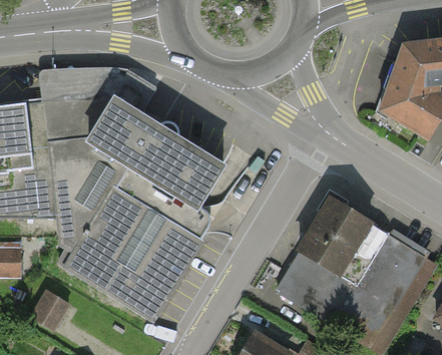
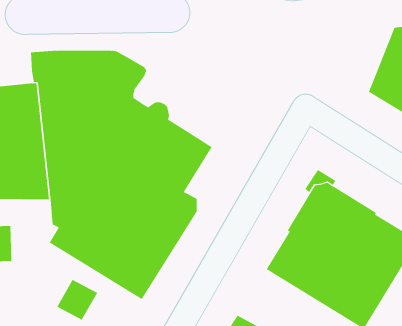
building: [31,286,73,328] -> [56,279,98,321]

